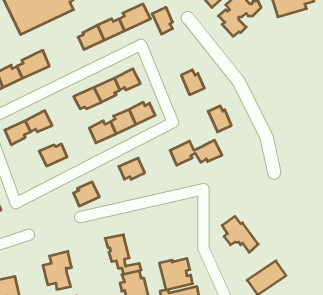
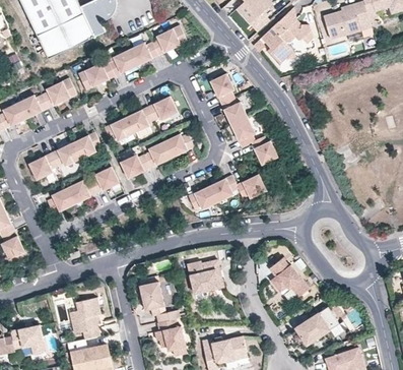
building: [152,7,173,34] -> [212,74,234,104]
building: none -> [80,62,116,88]
building: none -> [231,118,255,147]
building: none -> [73,132,103,159]
building: none -> [47,187,75,213]
building: [119,158,145,179] -> [189,186,217,209]
building: [73,182,99,206] -> [91,167,120,193]
building: [159,258,193,290] -> [185,261,221,296]

